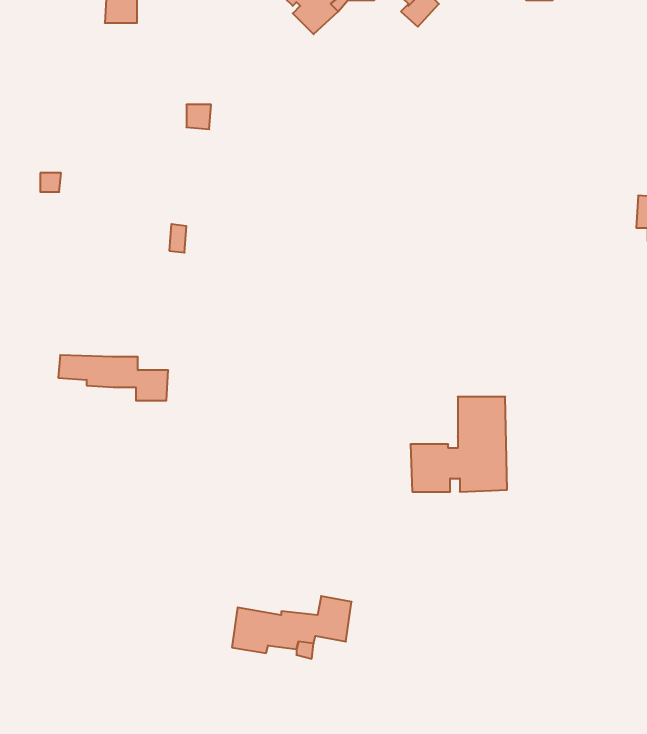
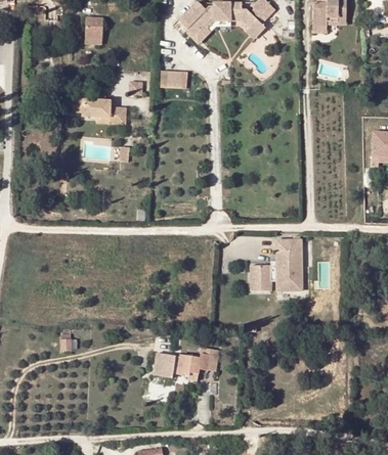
building: none -> [163,71,189,87]
building: [58,355,168,401] -> [67,99,126,124]

